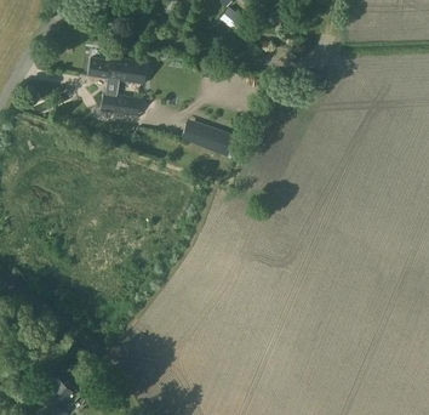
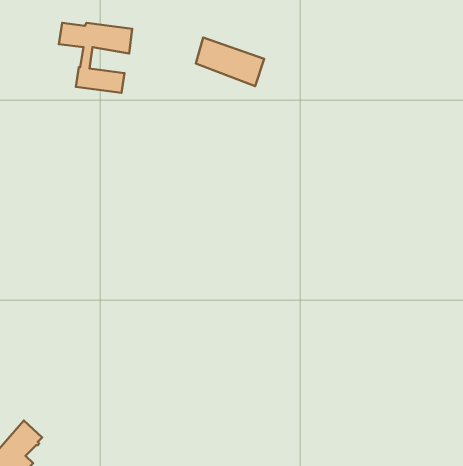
building: [179,120,234,159] -> [196,38,264,86]

